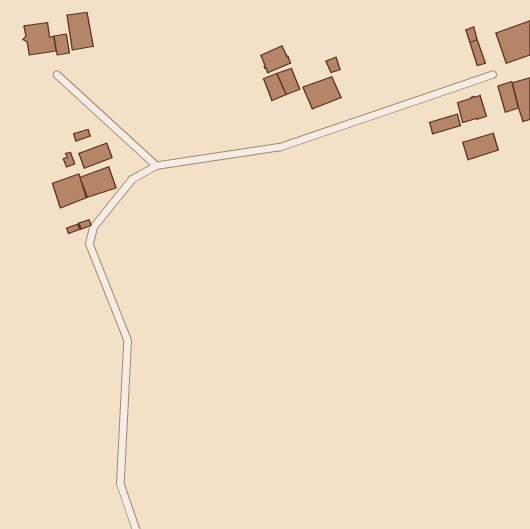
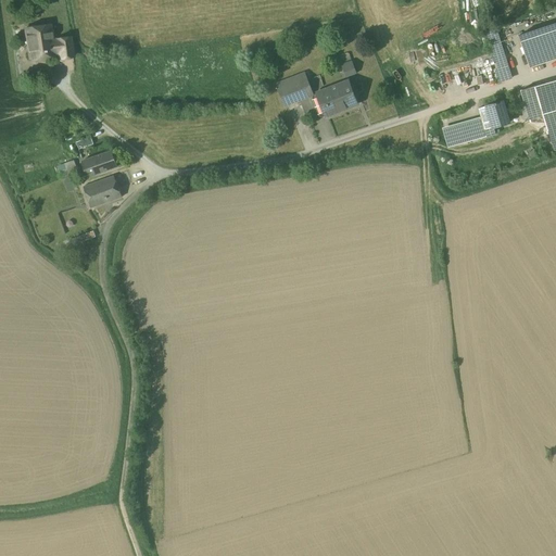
building: [67,12,93,50] -> none
building: [261,46,290,73] -> none
building: [463,133,498,160] -> none
building: [52,174,86,208] -> none

